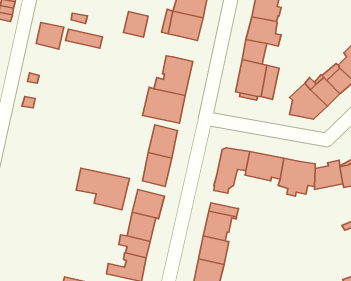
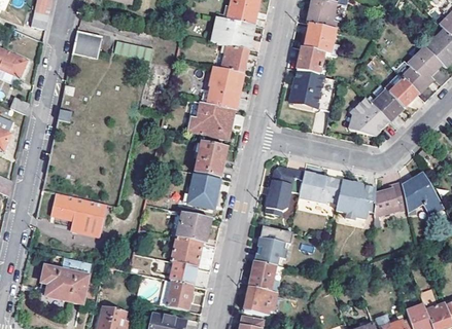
building: [124,12,148,37] -> [221,44,248,72]
building: [76,168,129,210] -> [50,193,108,239]
building: none -> [42,258,92,303]

